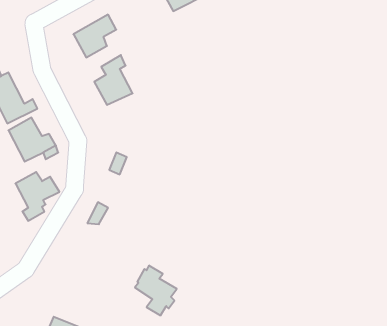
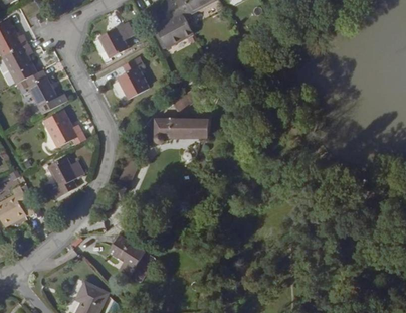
building: none -> [159,13,194,48]
building: none -> [154,114,208,142]
building: [135,266,177,315] -> [110,236,146,279]

